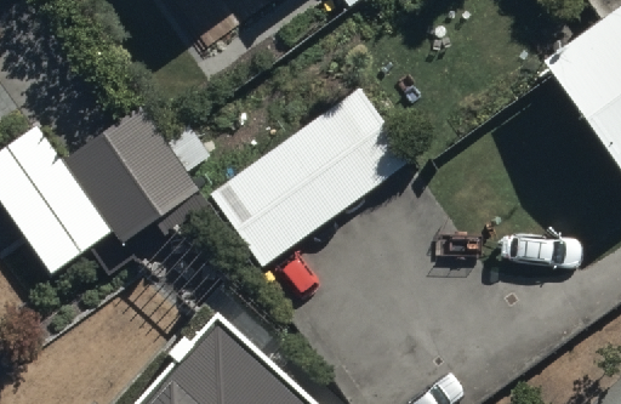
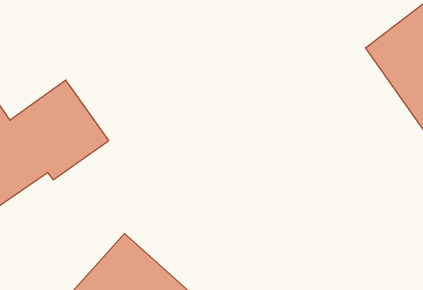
building: [210,87,412,266] -> none

